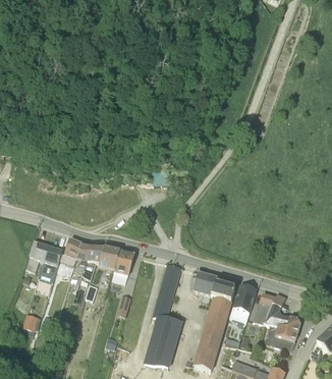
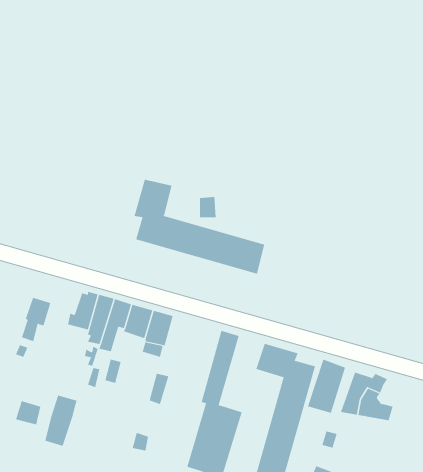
building: none -> [134,179,265,275]
building: [39,243,62,280] -> [45,395,78,447]
building: [266,317,300,349] -> none

